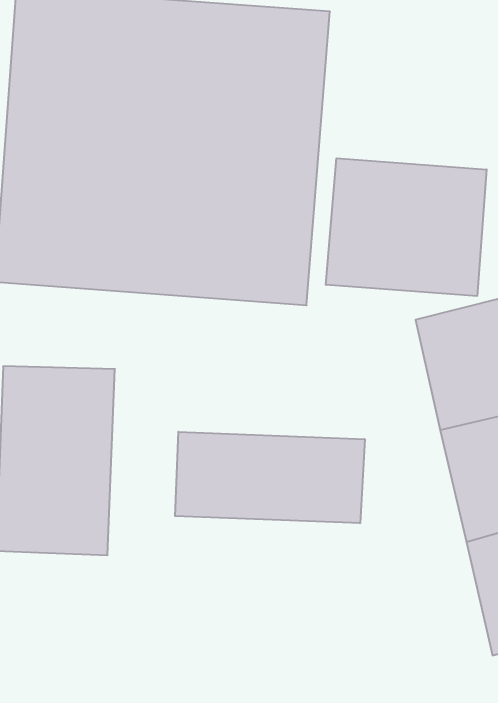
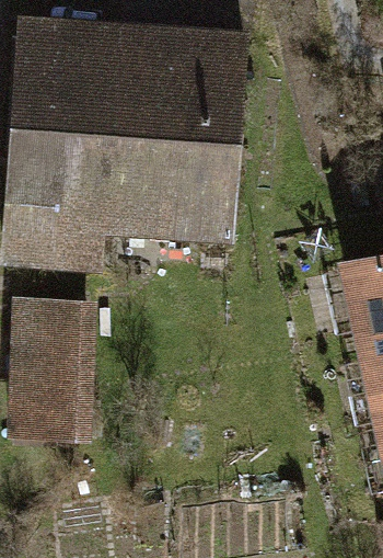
building: [326,158,487,296] -> none
building: [175,432,365,523] -> none

